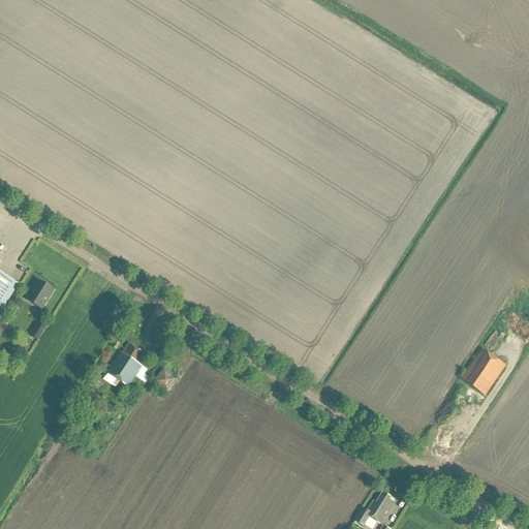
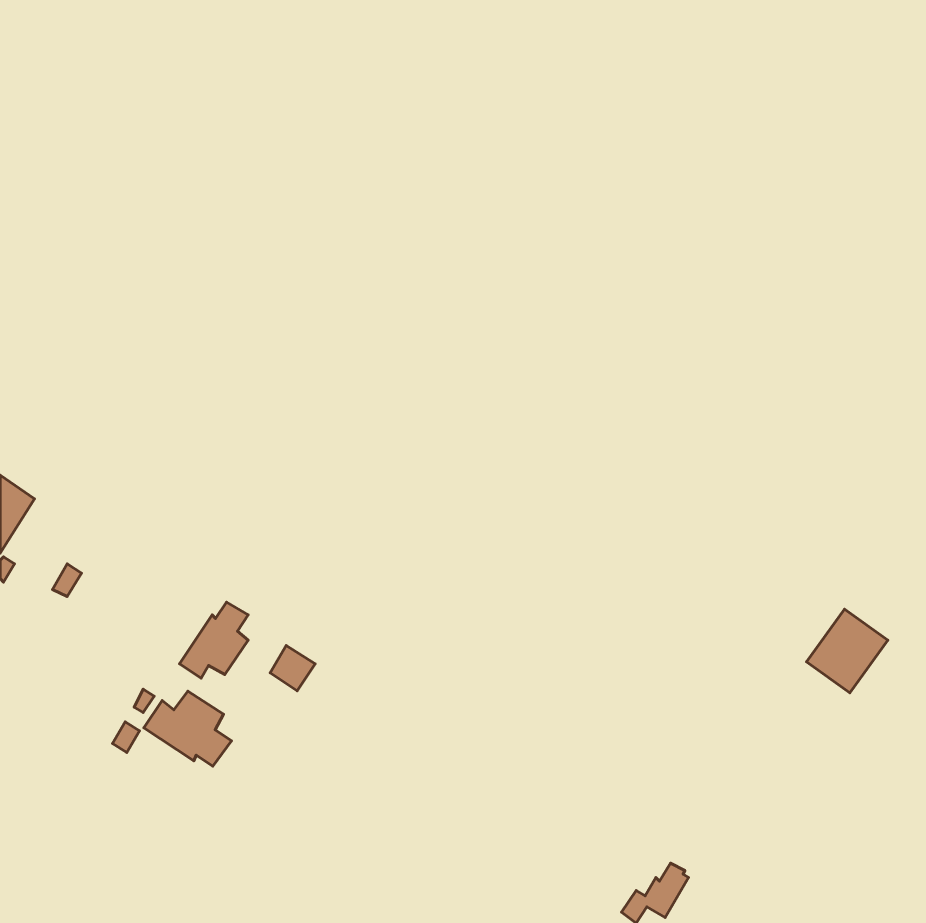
building: [27,280,54,309] -> none
building: none -> [144,691,232,766]

